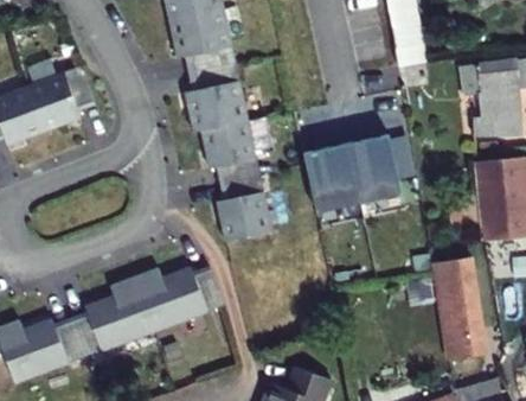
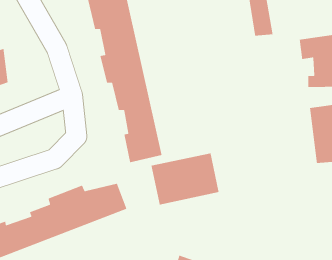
building: [51,66,96,127] -> none
building: [303,135,399,209] -> [151,152,220,205]
building: [432,255,486,359] -> none

